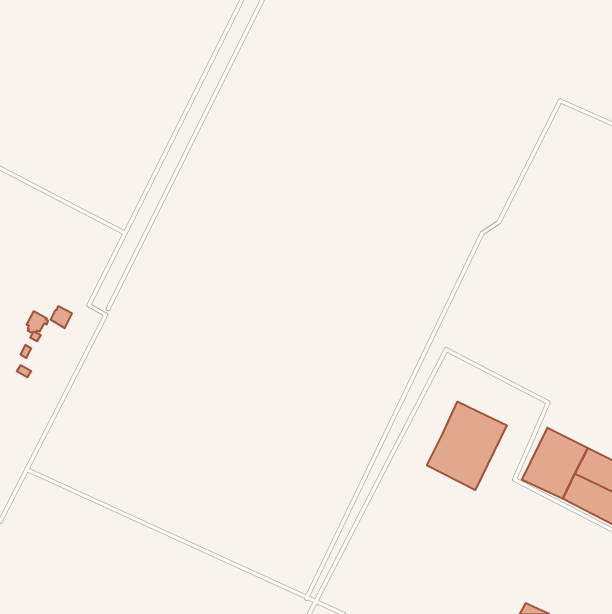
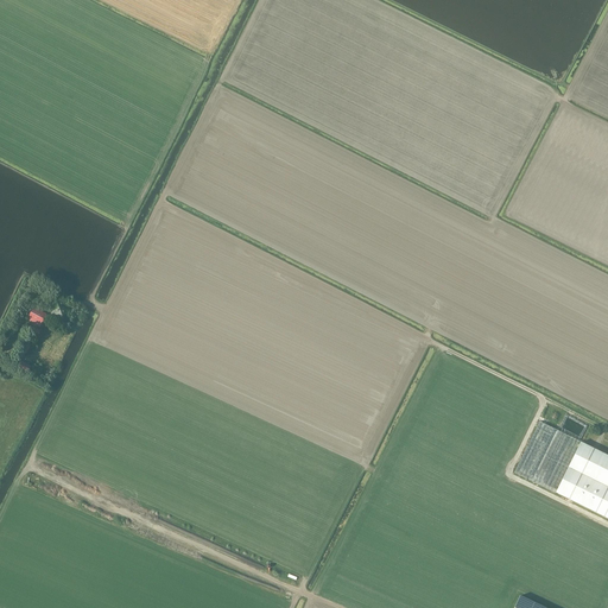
building: [427,402,507,490] -> none

